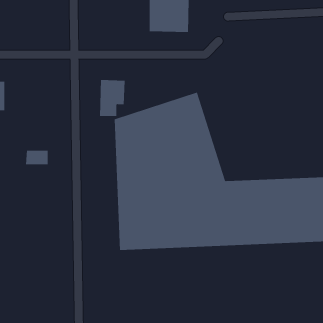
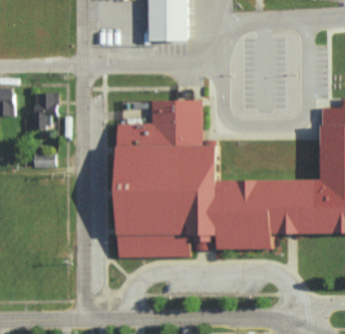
building: [99,79,126,116] -> [34,94,59,129]

